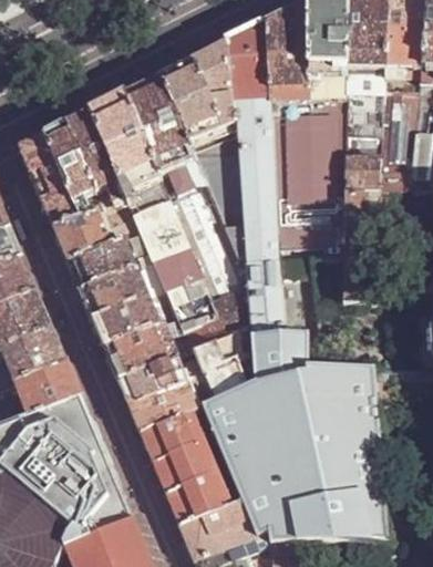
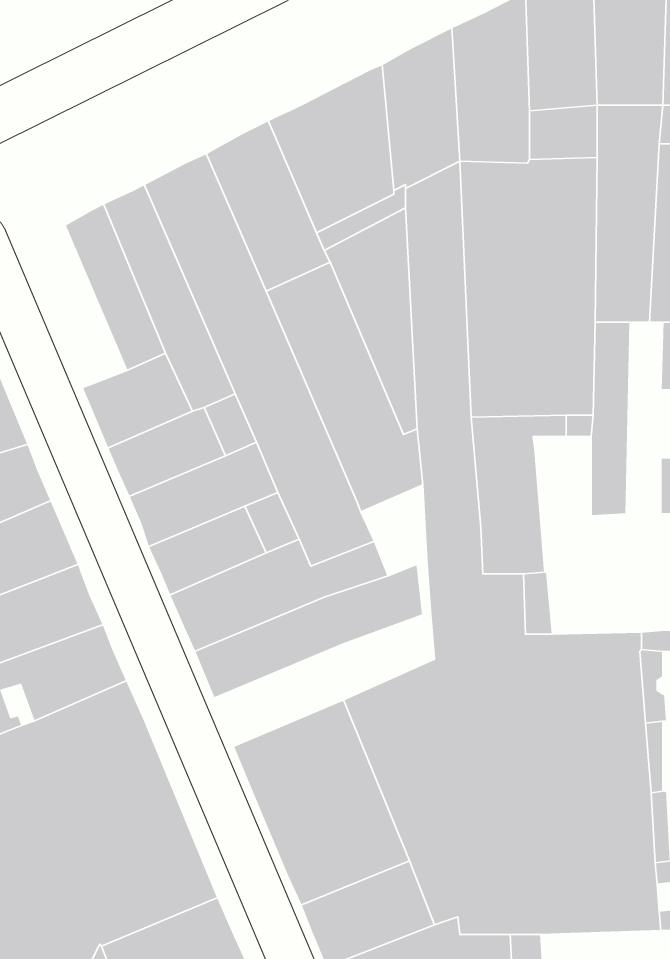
building: [19,131,79,224] -> none
building: [213,279,249,331] -> none
building: [128,351,255,429] -> none

